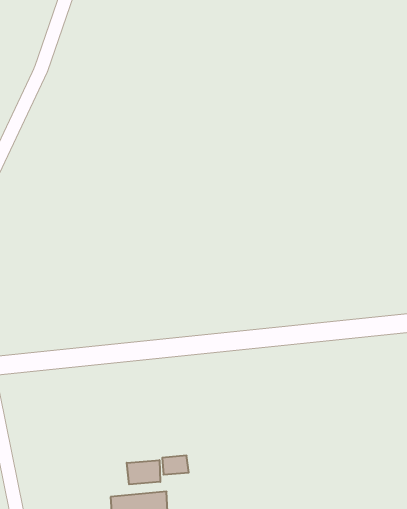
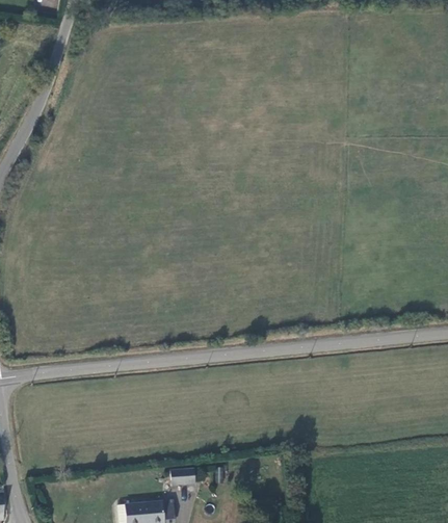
building: [127,460,160,484] -> none

